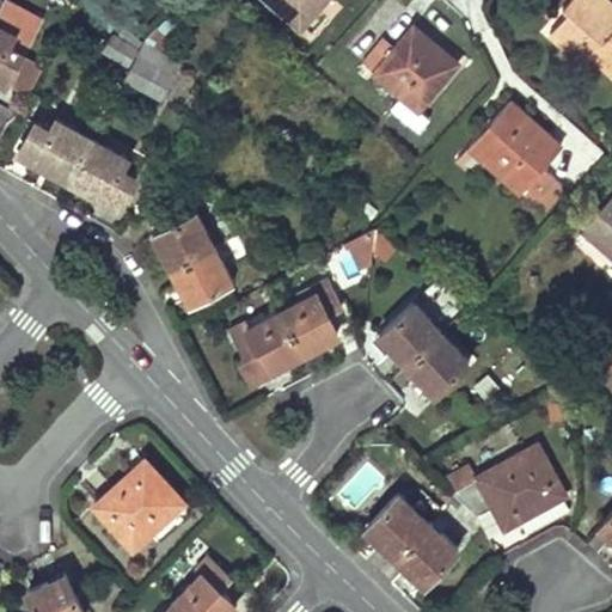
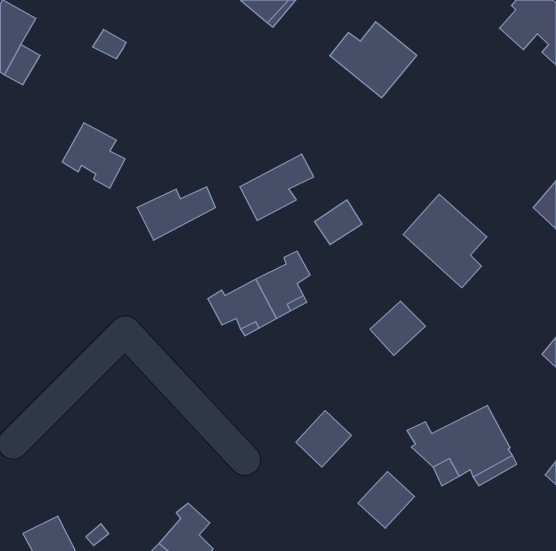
building: [122,59,171,104] -> none
building: [470,104,562,207] -> [403,194,487,288]
building: [18,120,92,183] -> none
building: [169,233,250,306] -> [240,154,314,220]
building: [378,305,440,367] -> none
building: [94,463,191,549] -> none
building: [365,496,426,558] -> [296,411,351,467]

